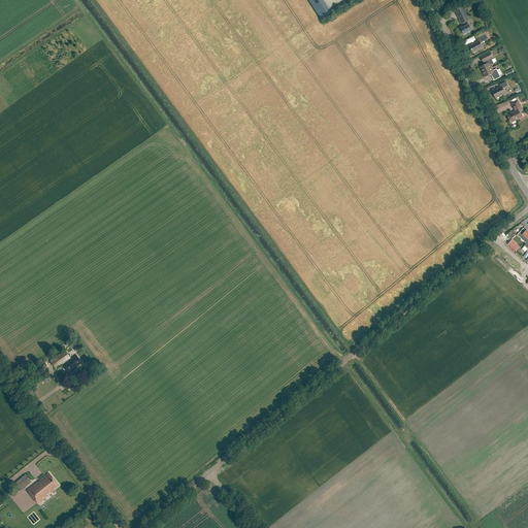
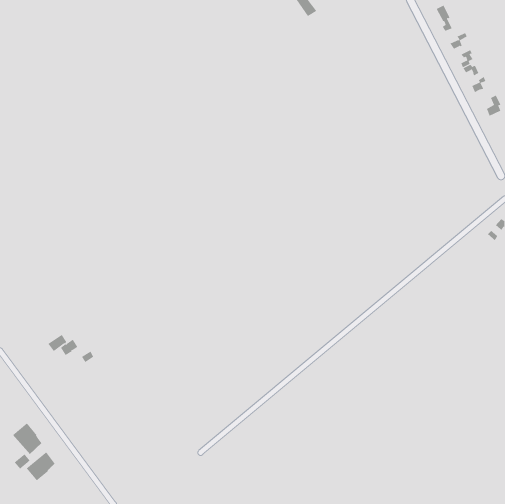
building: none -> [12,423,42,455]

